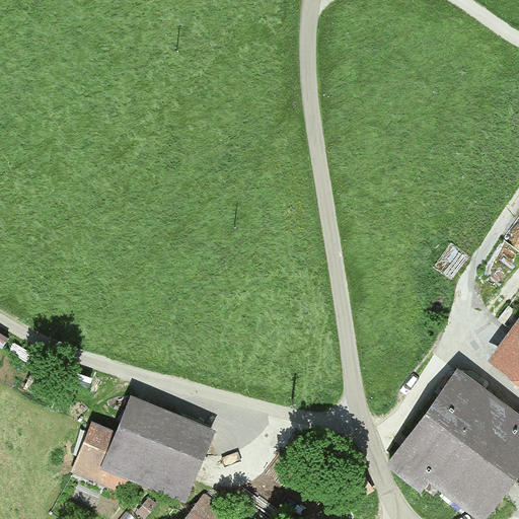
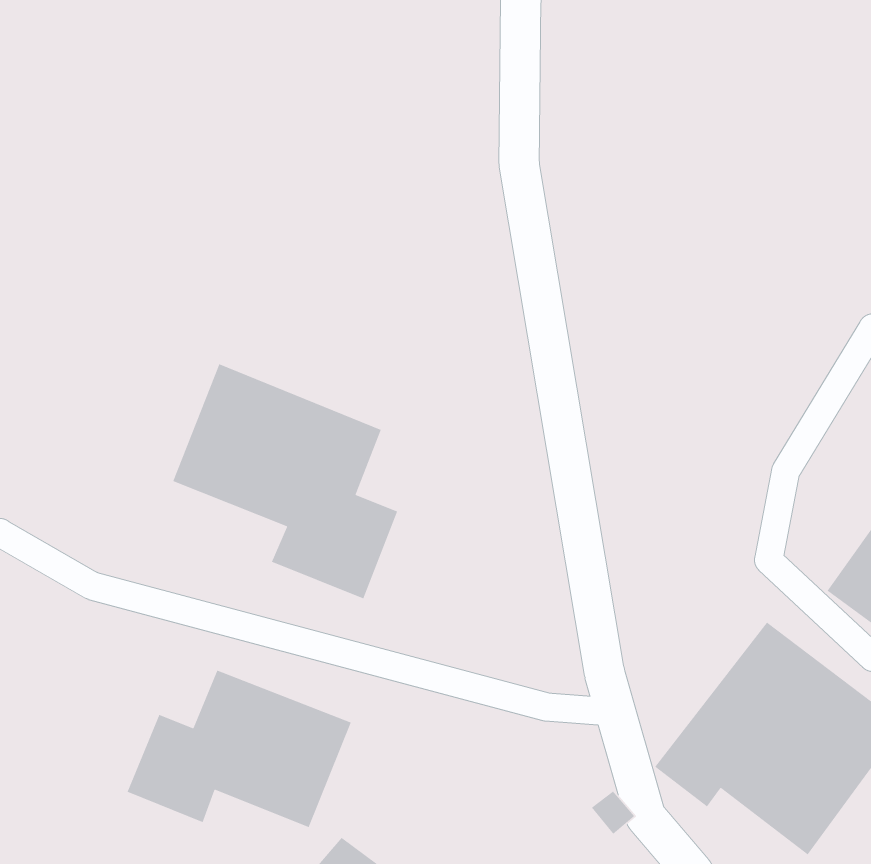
building: none -> [172,363,398,600]

